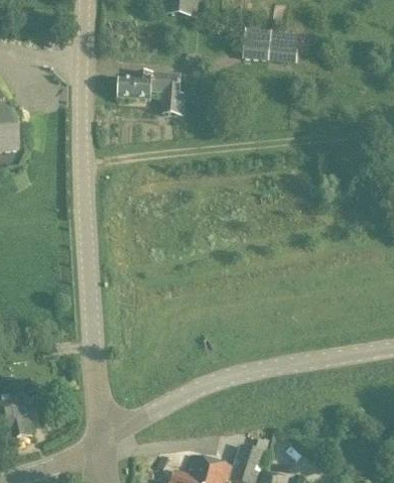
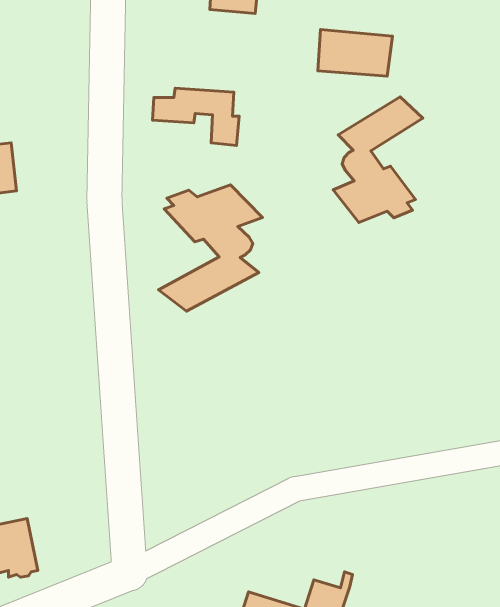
building: none -> [333,97,423,223]
building: none -> [158,185,263,311]

